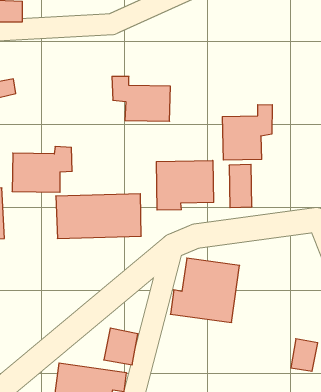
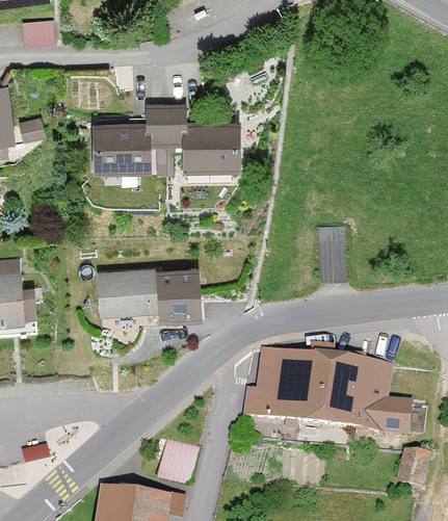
building: [222,105,272,160] -> none
building: [12,147,72,192] -> [91,114,168,173]
building: [156,160,214,210] -> none
building: none -> [320,357,415,441]

